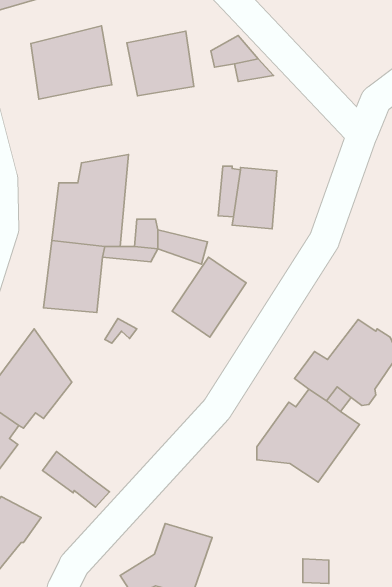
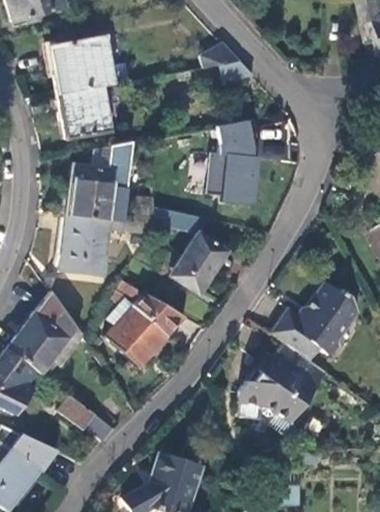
building: [127,31,194,96] -> [55,85,112,140]
building: none -> [217,119,259,156]
building: none -> [106,293,183,367]

